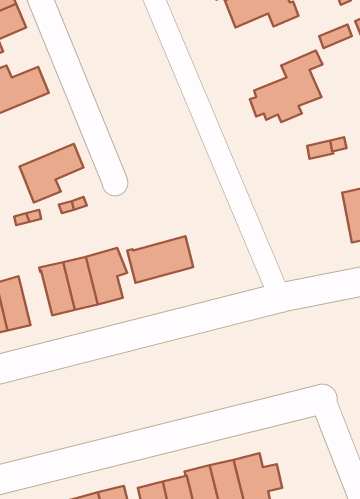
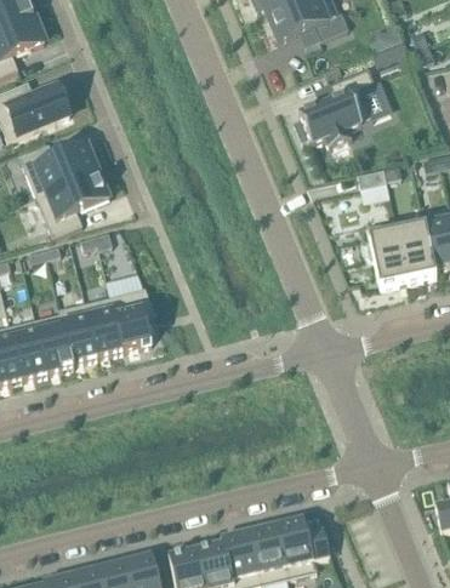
building: none -> [19,141,97,194]
building: none -> [365,217,408,285]
building: [127,236,193,283] -> none
building: none -> [35,310,74,371]

